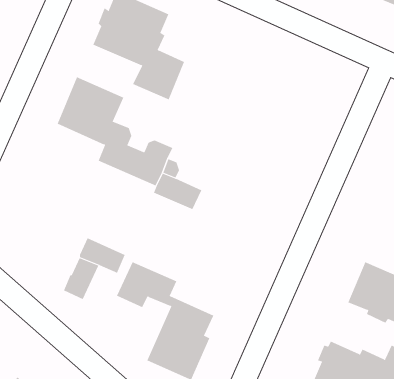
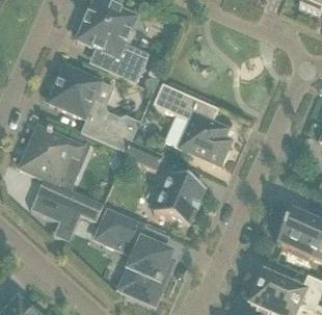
building: none -> [153,82,231,164]
building: none -> [19,125,83,185]
building: none -> [153,172,205,226]
building: none -> [30,191,65,219]

